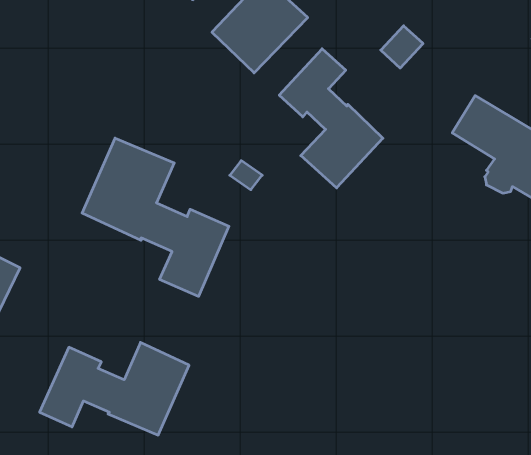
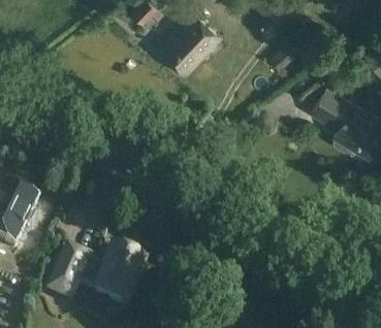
building: [279,49,383,188] -> none
building: [82,138,229,296] -> none

